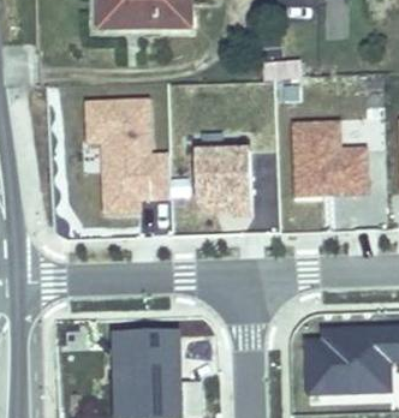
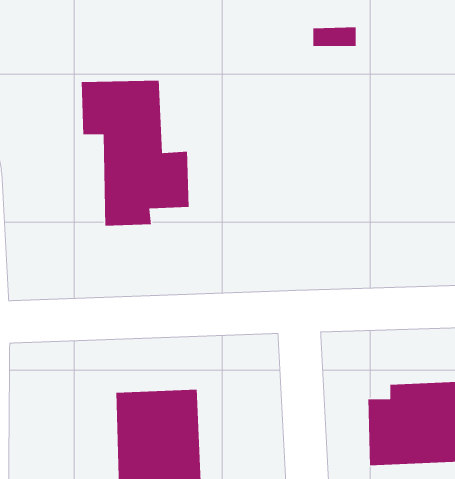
building: [293,123,367,196] -> none
building: [195,149,251,215] -> none

